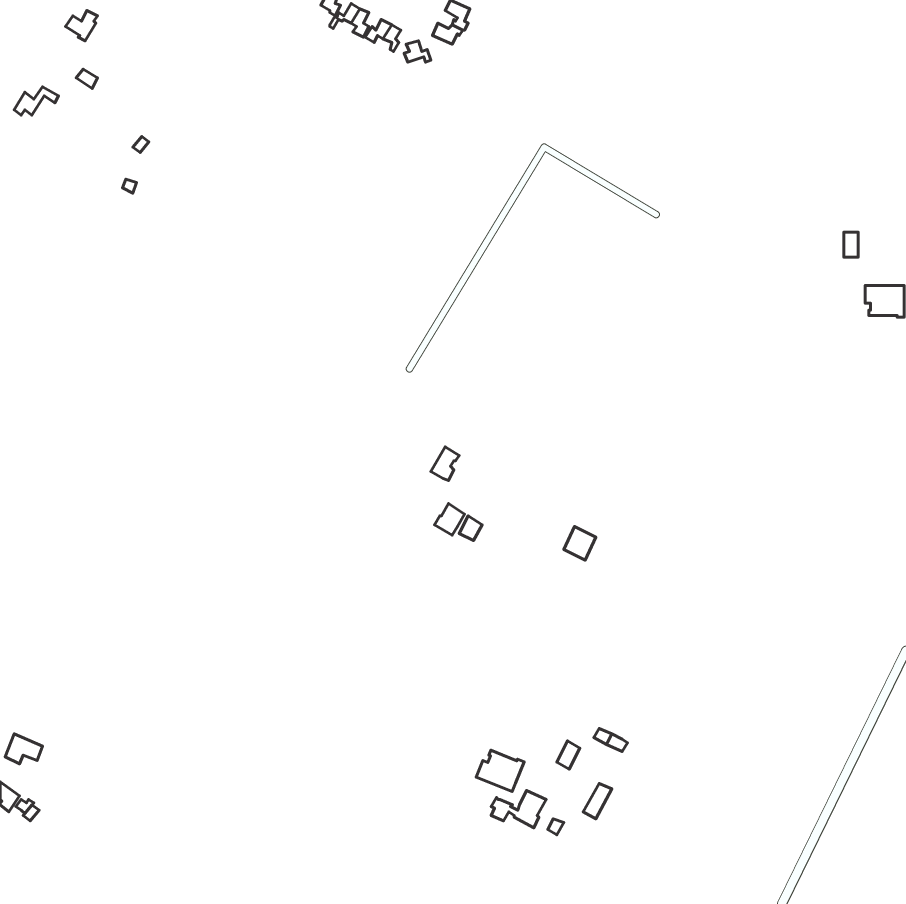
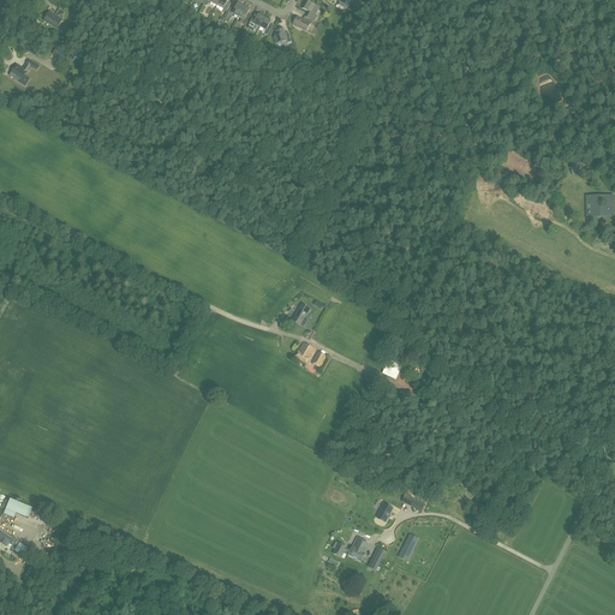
building: [476,750,524,792] -> none

